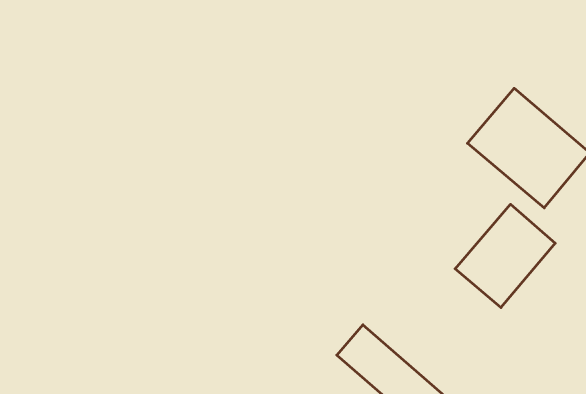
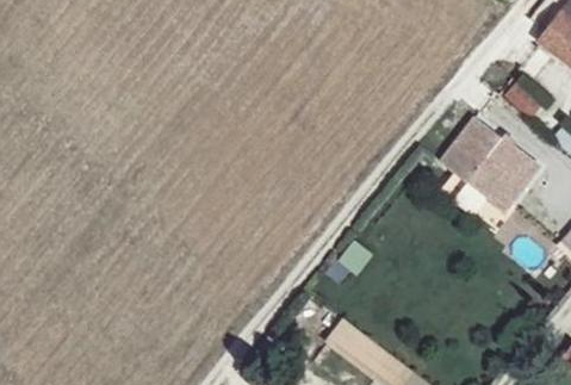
building: [455,204,555,308] -> none

